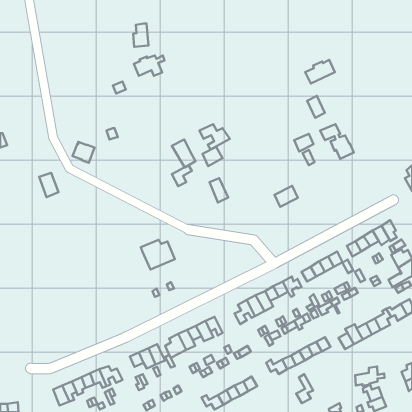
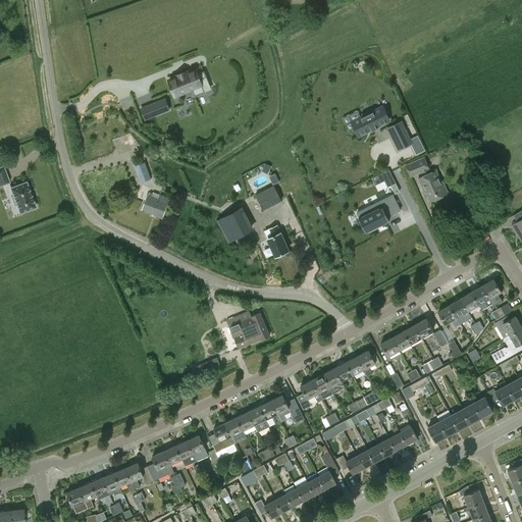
building: [133,23,149,47] -> none
building: [305,60,335,83] -> [352,106,389,136]
building: [199,124,230,150] -> none
building: [172,139,195,167] -> none
building: [73,142,94,163] -> [142,192,169,218]
building: [39,173,58,197] -> [10,182,35,213]
building: [274,186,298,207] -> [357,201,386,227]
building: [141,240,175,270] -> [226,311,269,349]
building: none -> [271,395,305,423]
building: none -> [148,451,174,480]
building: [355,366,385,386] -> none
building: [296,374,313,403] -> [318,452,340,488]

